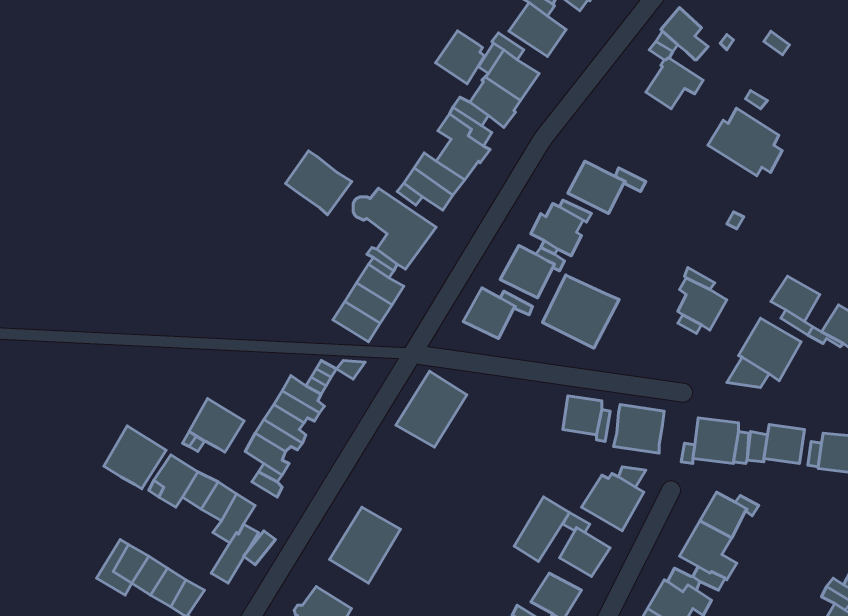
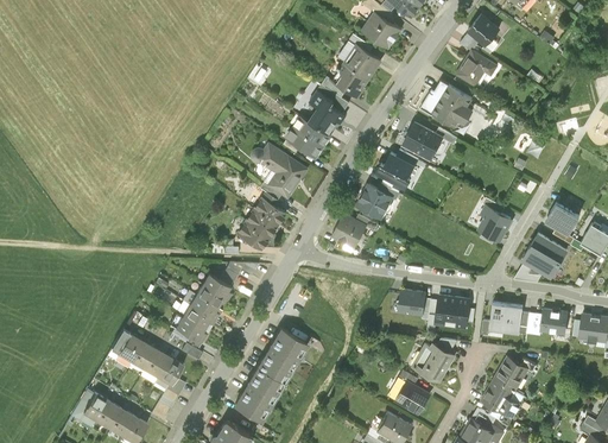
building: [436,31,485,84] -> none
building: [708,108,782,176] -> [420,80,473,127]
building: [286,151,352,215] -> none
building: [542,275,619,348] -> none
building: [396,371,467,447] -> [258,328,308,381]
building: [189,398,244,452] -> none
building: [104,426,166,489] -> none
building: [514,497,570,561] -> none

